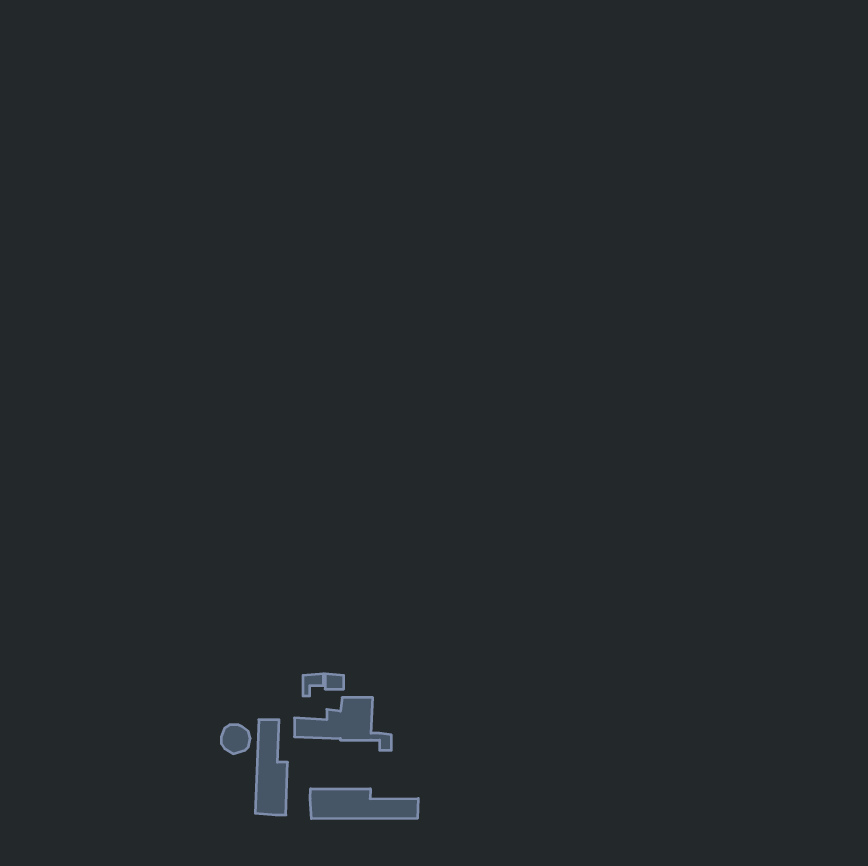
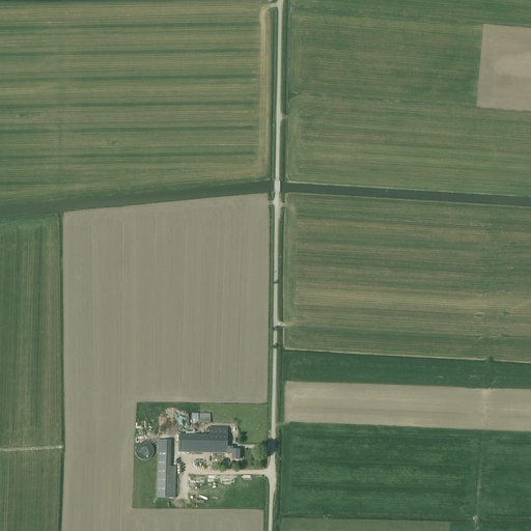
building: [310,789,418,819] -> none

